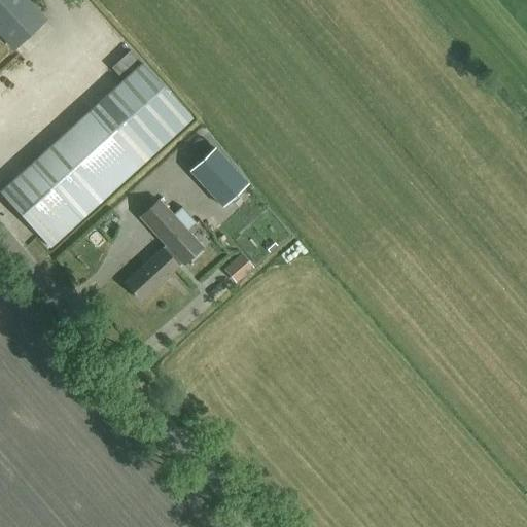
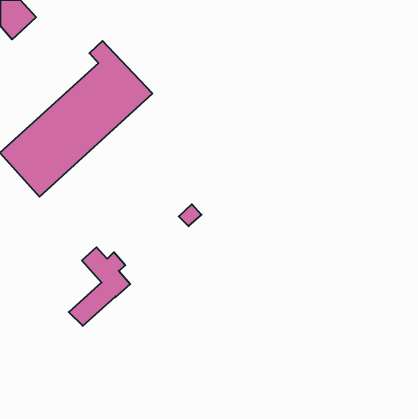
building: [188,152,245,209] -> none
building: [126,201,203,300] -> [69,247,130,326]

